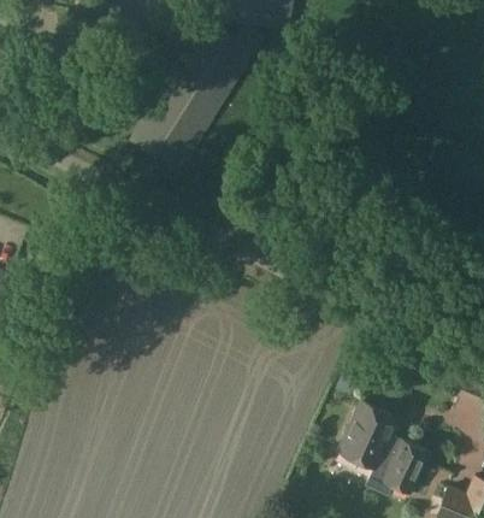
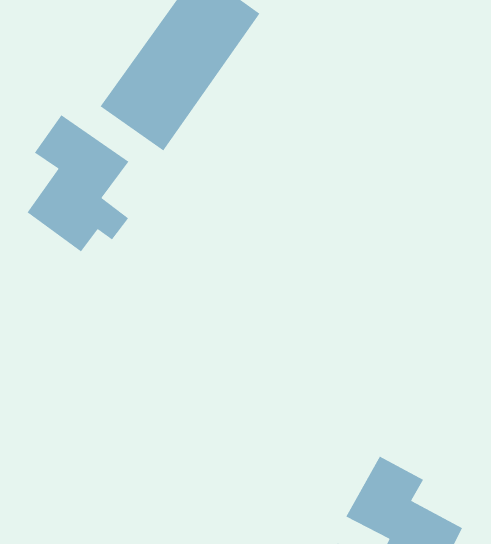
building: none -> [27,114,129,253]

